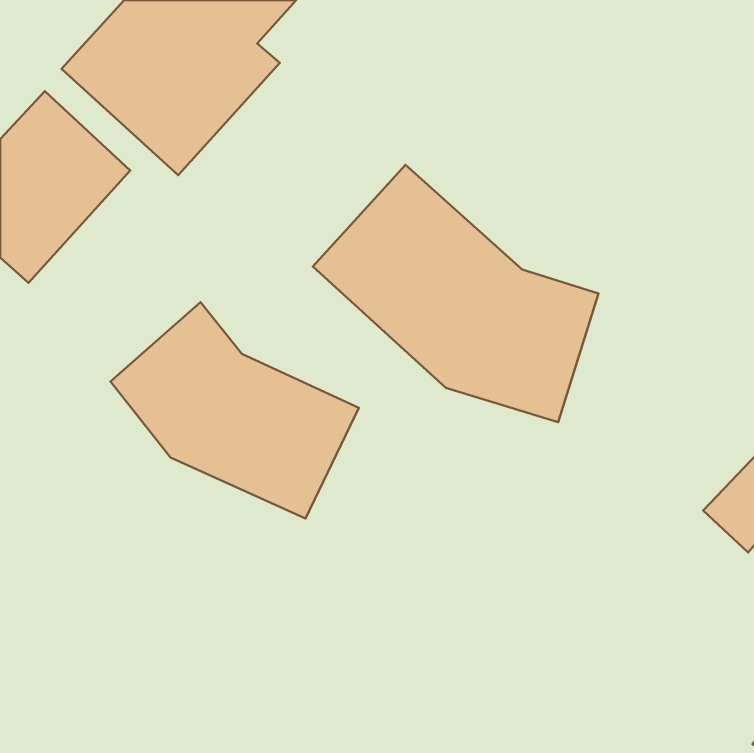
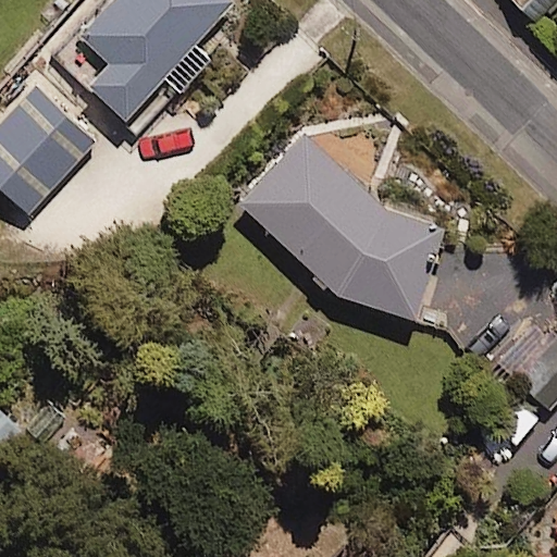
building: [110,302,359,519] -> none

